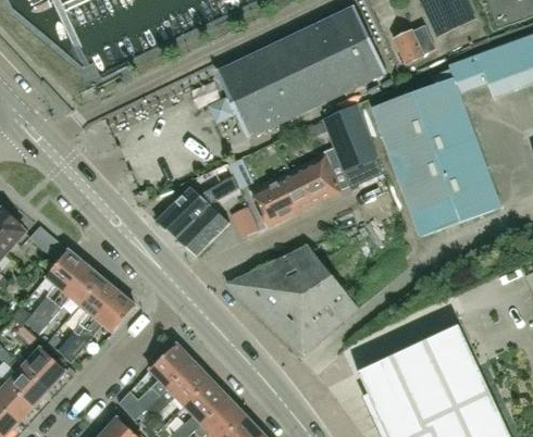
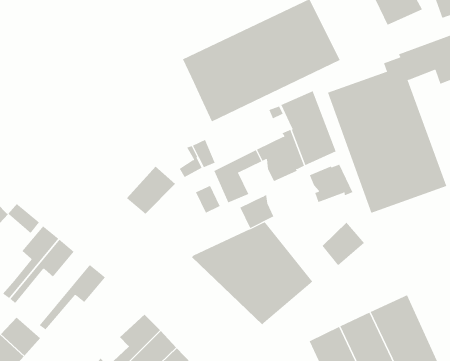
building: [394,29,435,62] -> none
building: [277,178,314,215] -> [240,194,274,229]
building: none -> [309,164,353,203]
building: [177,204,227,254] -> none
building: none -> [322,222,365,266]
building: [57,277,117,355] -> none

